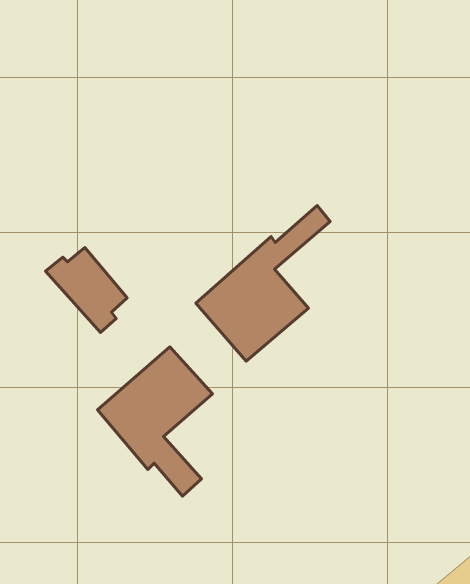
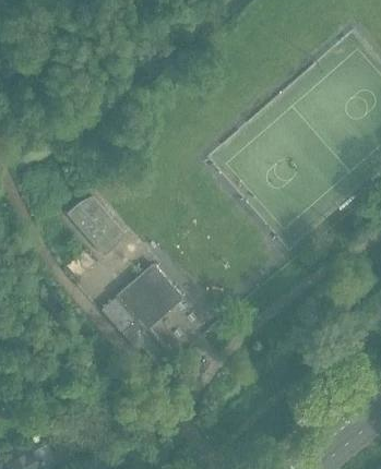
building: [196,206,330,361] -> none

